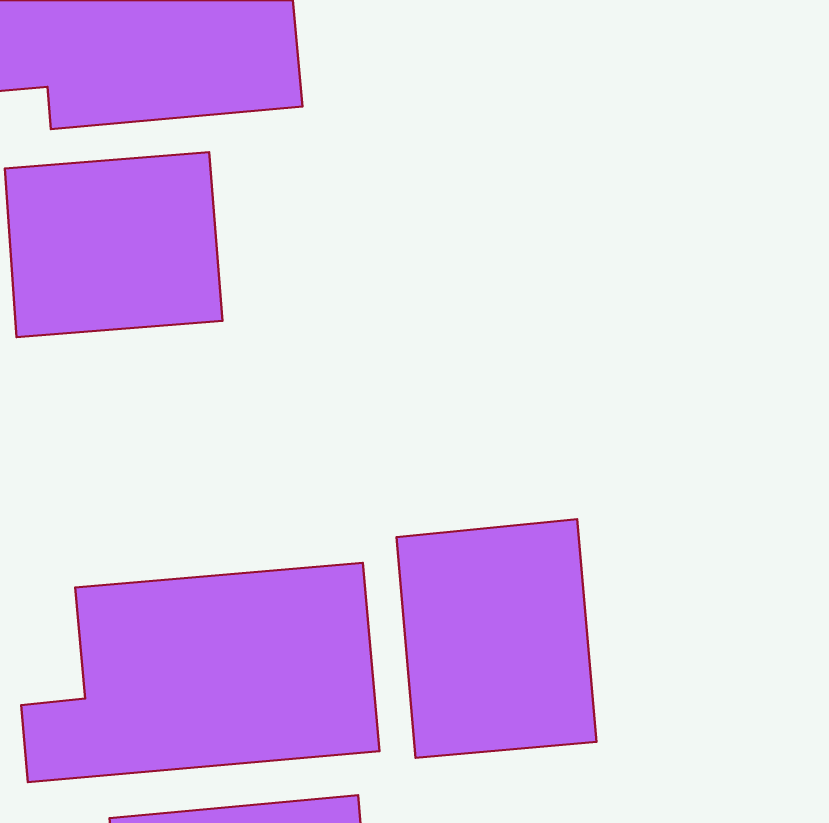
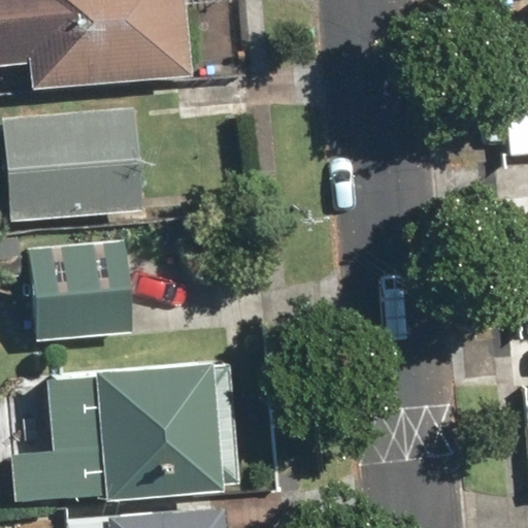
building: none -> [28,242,127,341]
building: [397,519,596,758] -> none

